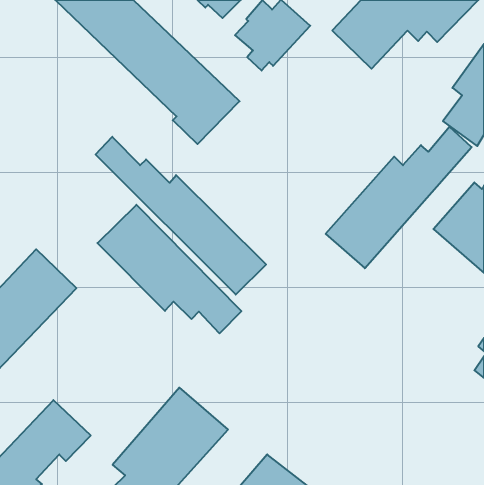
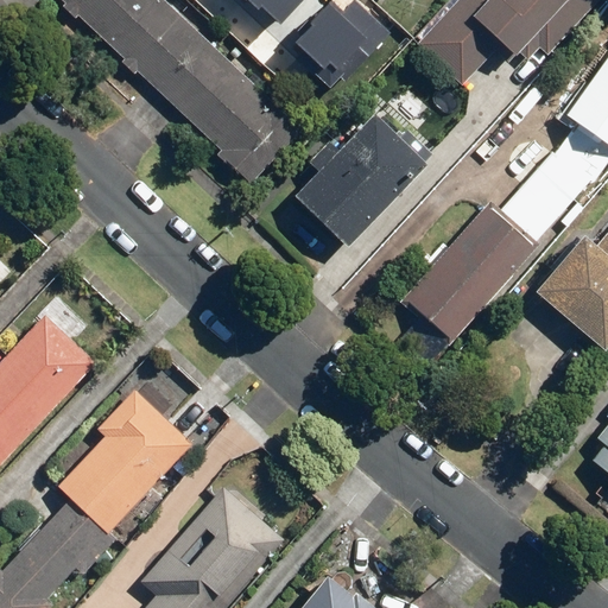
building: none -> [300,110,441,243]
building: [96,137,266,295] -> none
building: [97,205,241,333] -> none
building: none -> [57,388,191,532]

